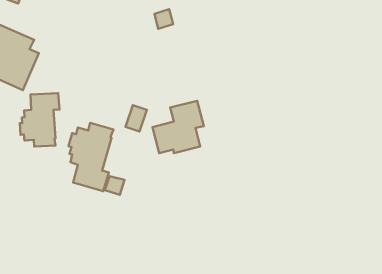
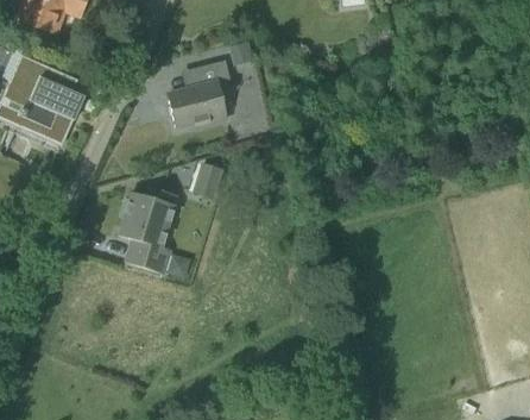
building: [20,93,59,146] -> none
building: [153,101,204,153] -> [168,59,233,126]

